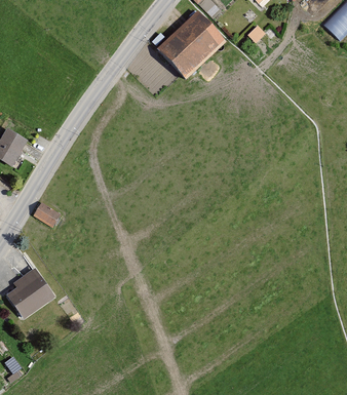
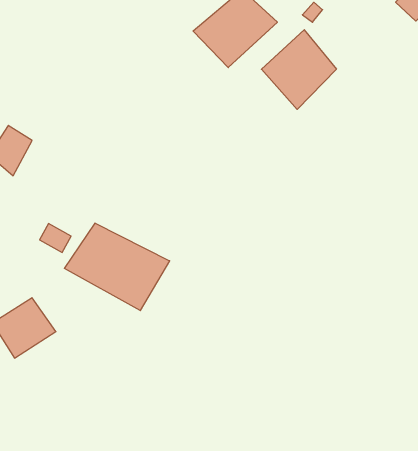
building: none -> [261,30,336,109]
building: none -> [64,223,170,311]

